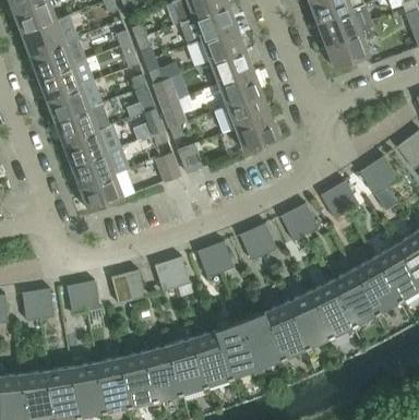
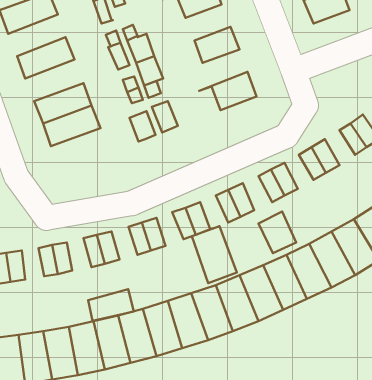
building: [210,49,253,84] -> none
building: [37,59,93,99] -> none
building: [214,93,270,133] -> none
building: [53,103,110,143] -> none
building: [79,173,123,211] -> none
building: none -> [259,212,296,253]
building: none -> [192,226,237,283]
building: none -> [88,289,134,321]

